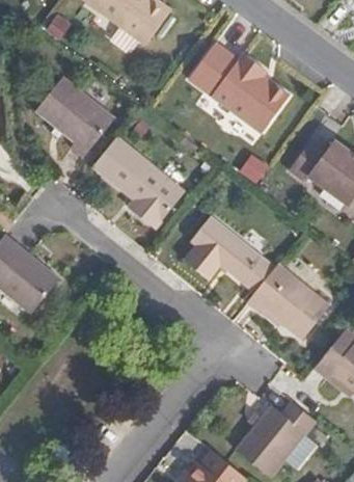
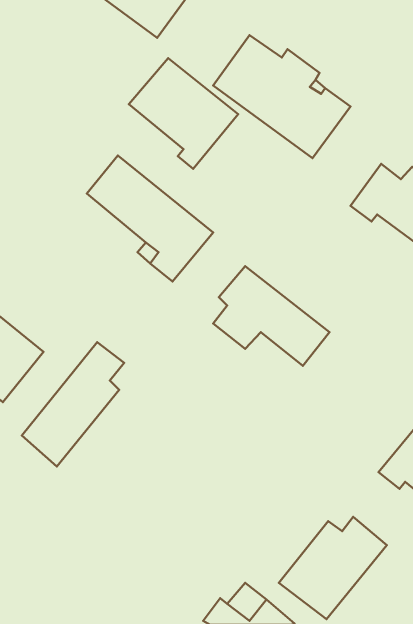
building: [35,73,116,155] -> [129,58,238,169]
building: [242,261,330,340] -> none
building: none -> [22,342,124,466]

